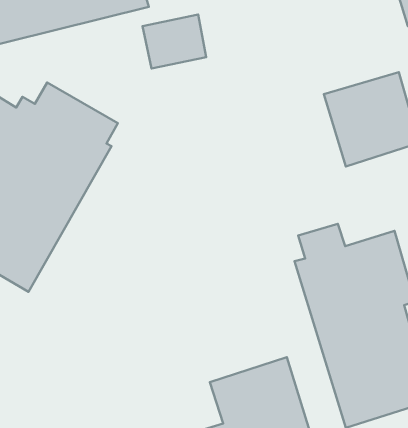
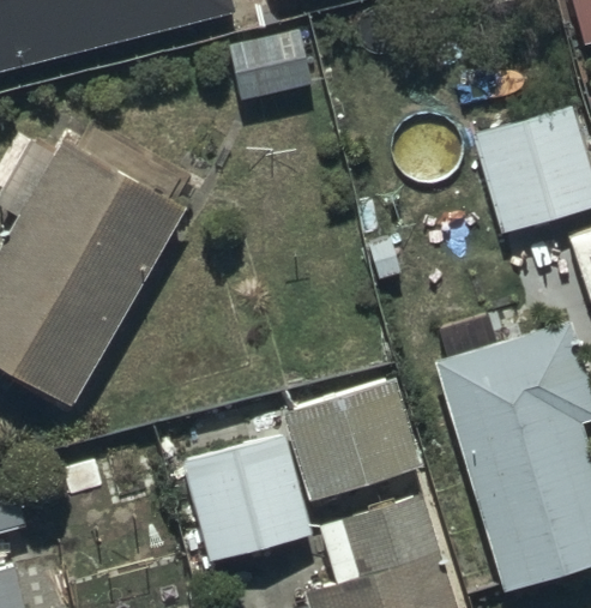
building: none -> [183,377,421,560]

